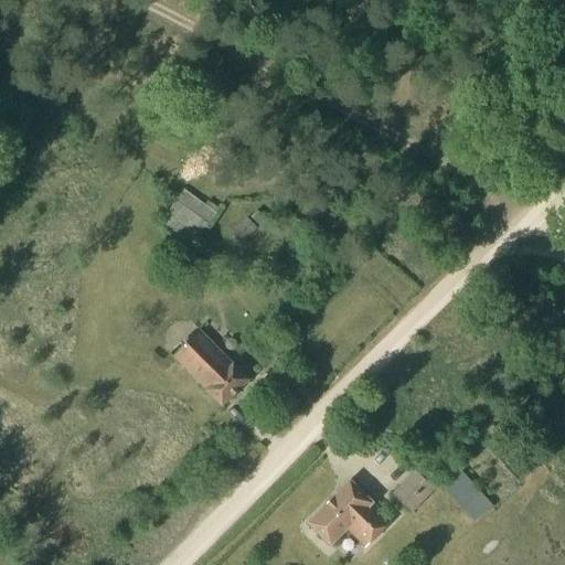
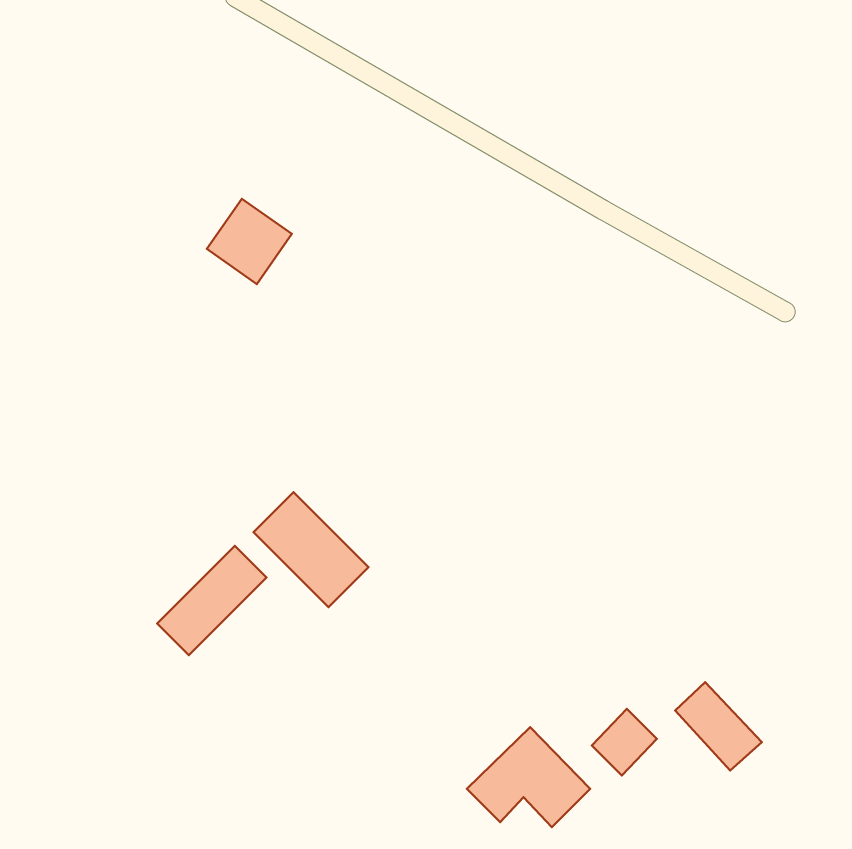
building: [161,189,217,245] -> [207,199,292,284]
building: none -> [157,546,266,655]

